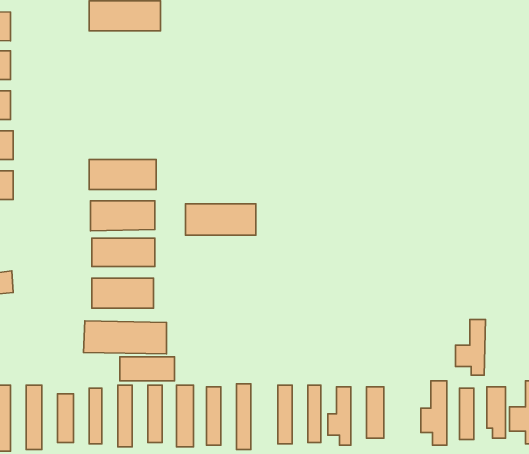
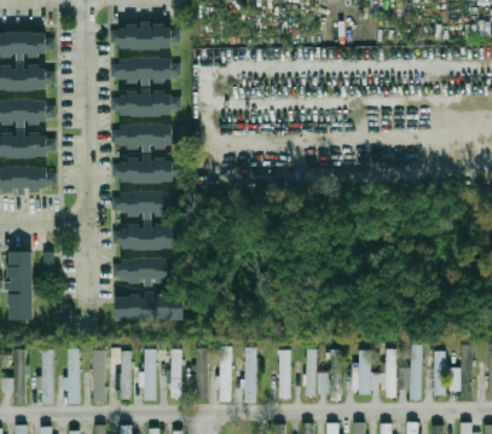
building: none -> [118,58,180,83]
building: none -> [118,92,181,116]
building: [186,204,256,235] -> [118,123,178,150]
building: [456,319,486,375] -> [370,349,395,397]
building: [120,357,174,381] -> none

